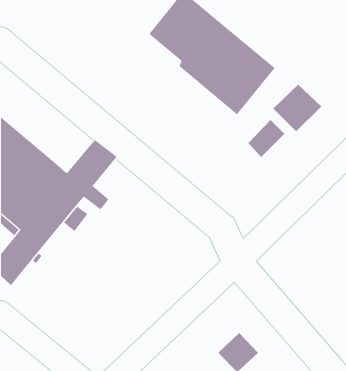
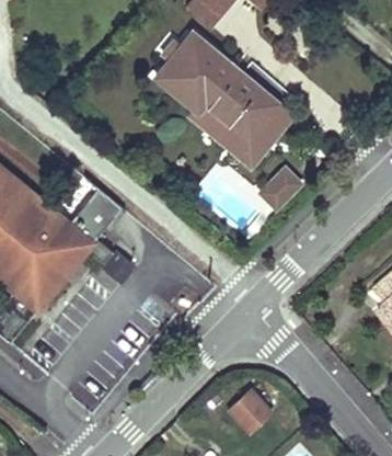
building: [272,84,322,132] -> none

